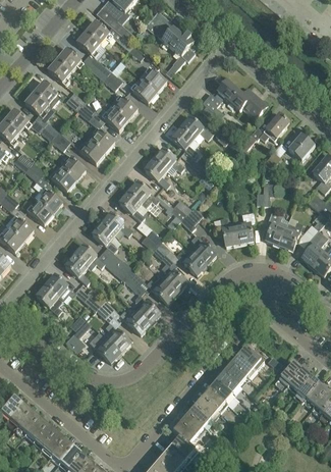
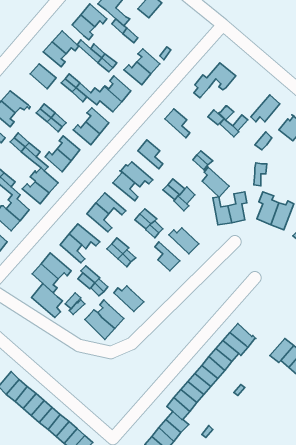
building: [162,24,198,61] -> none
building: [233,88,267,118] -> none
building: [24,92,55,120] -> none
building: [180,116,215,140] -> none
building: [153,148,184,174] -> none
building: [188,234,216,265] -> [202,167,229,197]
building: [146,276,176,303] -> none
building: [132,294,159,324] -> none
building: none -> [31,284,63,318]

